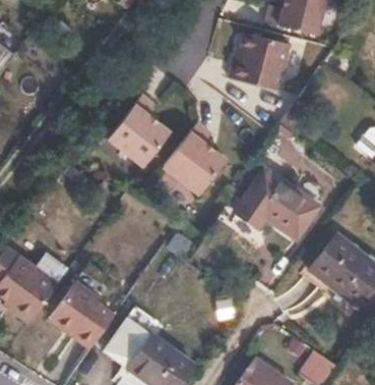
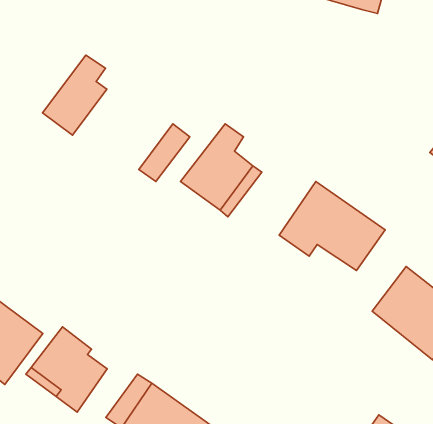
building: [229,34,290,92] -> none
building: [108,97,158,159] -> [42,55,107,135]

